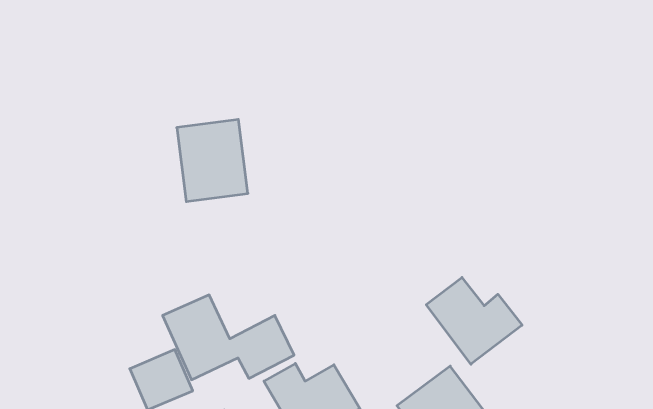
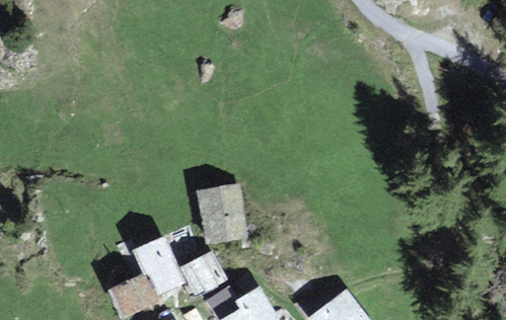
building: [177,119,248,202] -> [198,182,250,243]
building: [426,277,522,364] -> none

